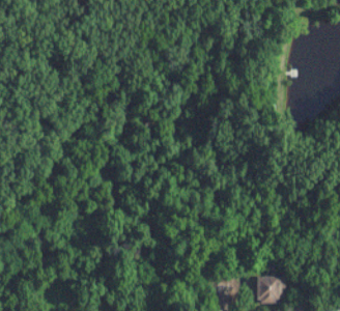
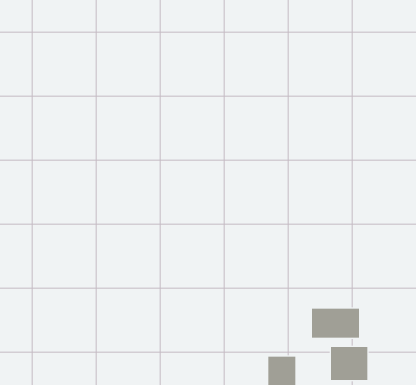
building: none -> [311,308,359,338]

